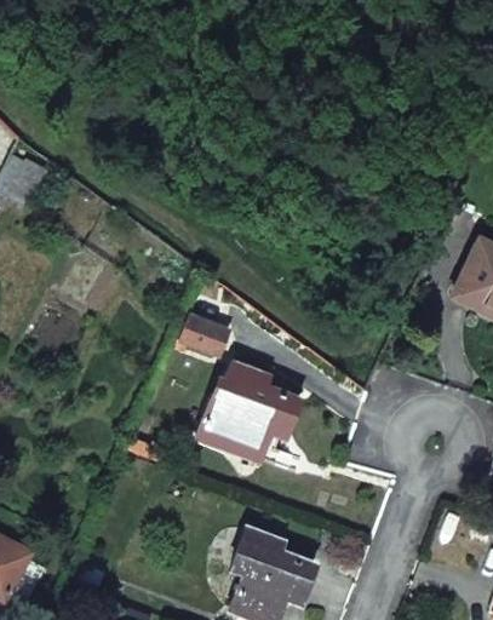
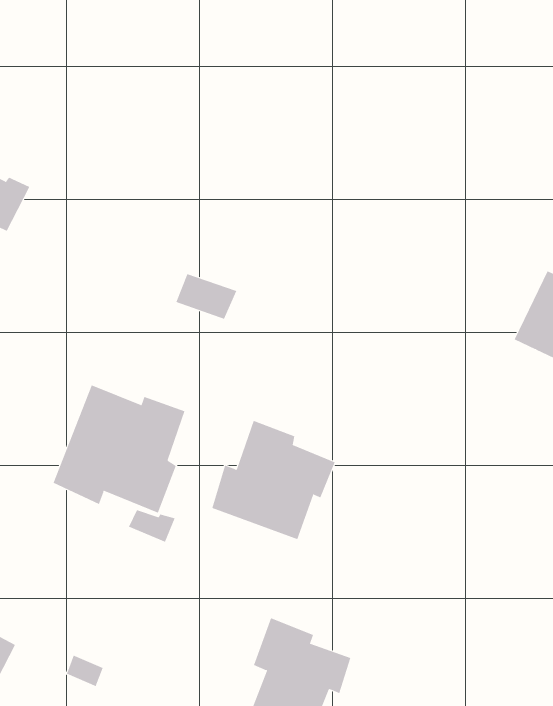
building: [176,314,228,352] -> [175,273,237,320]
building: none -> [53,385,185,514]

